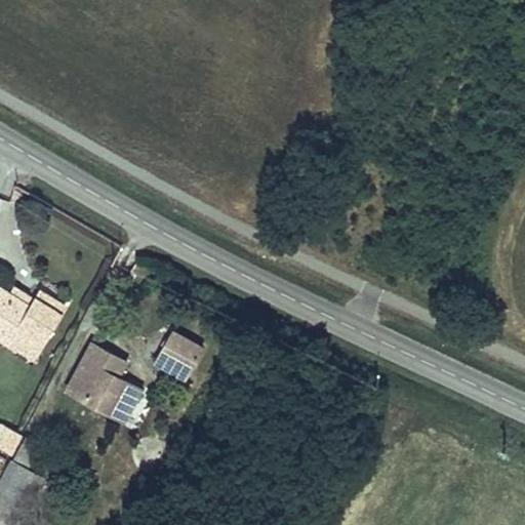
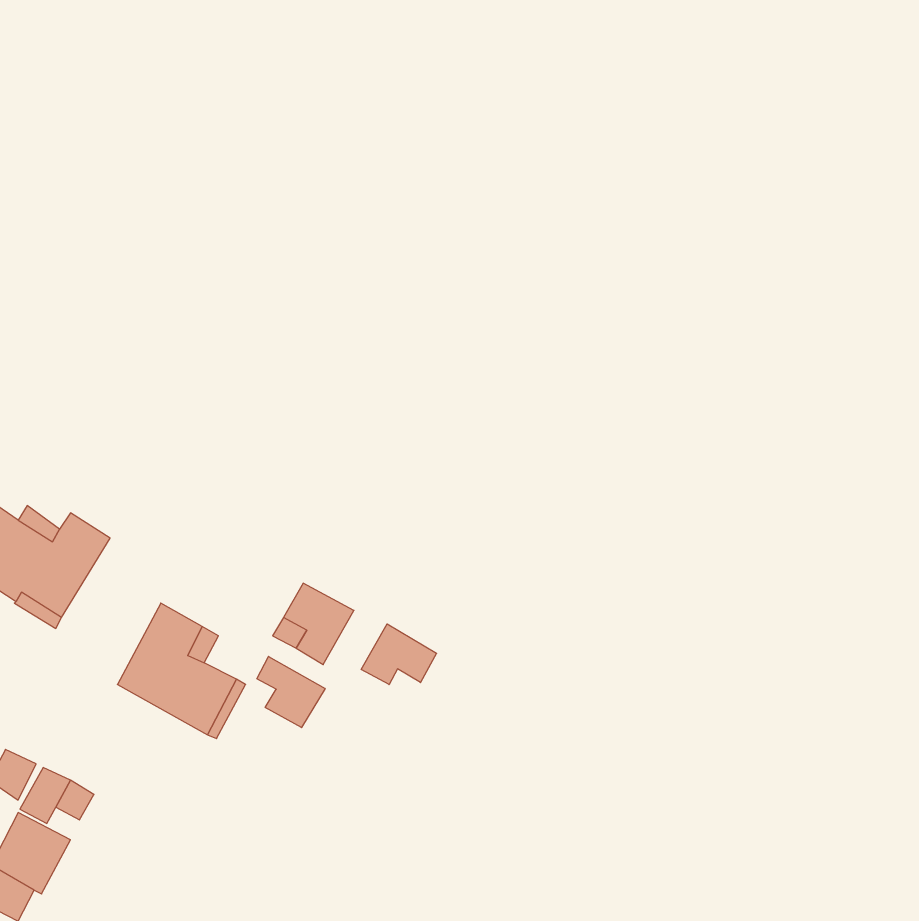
building: none -> [361,624,437,685]
building: none -> [257,656,325,728]

